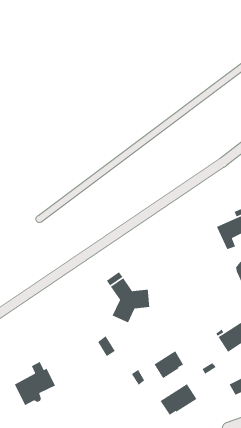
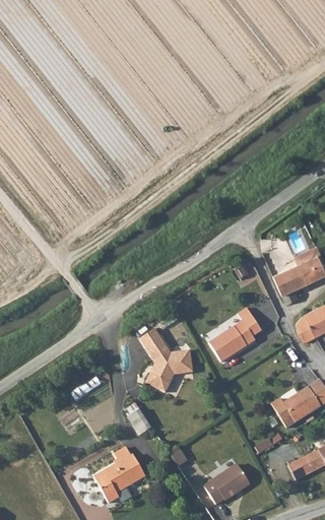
building: none -> [210,308,262,361]
building: [153,350,184,379] -> none
building: [14,361,56,406] -> [93,445,144,500]

